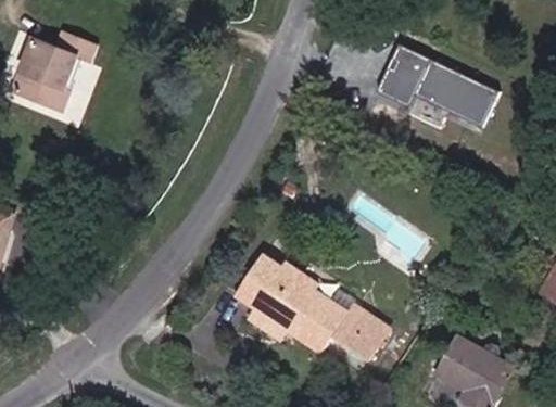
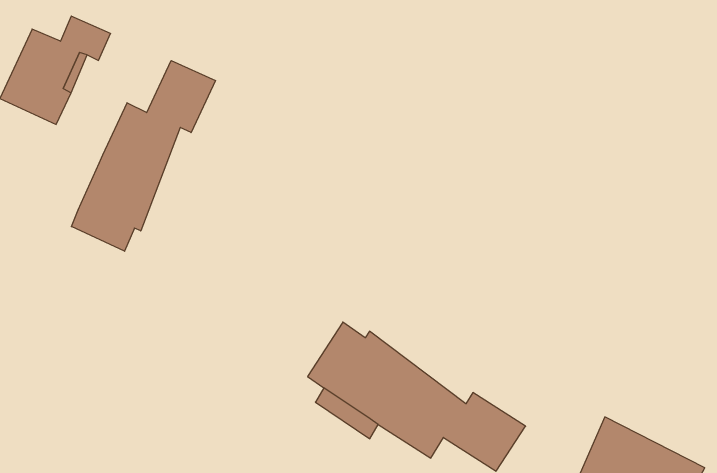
building: [379,44,502,125] -> none
building: none -> [71,61,216,251]

